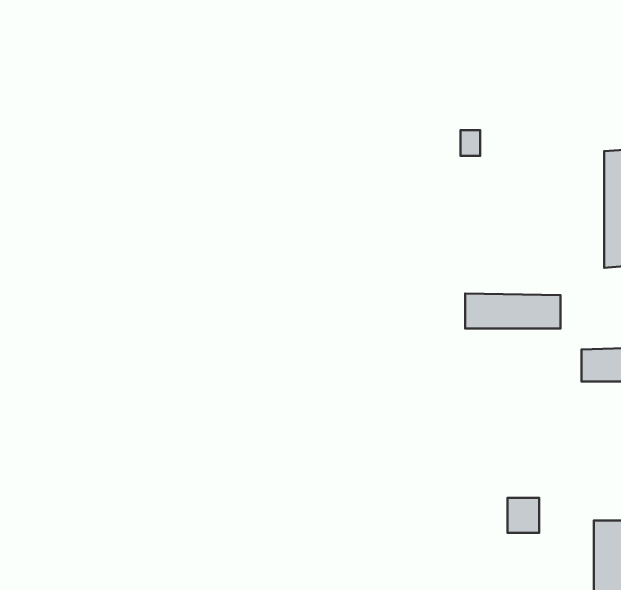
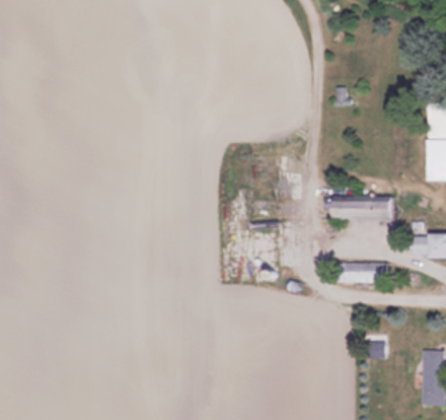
building: none -> [351,264,376,282]

